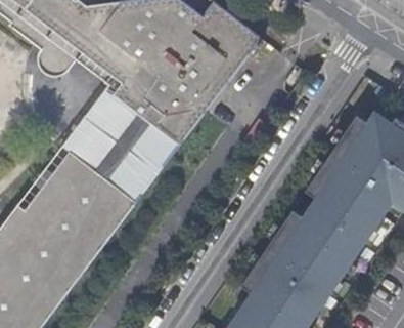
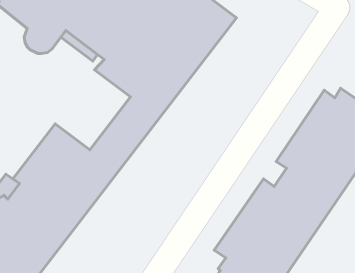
building: [71,94,150,179] -> none

